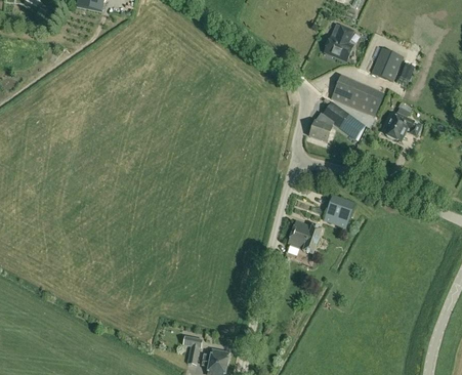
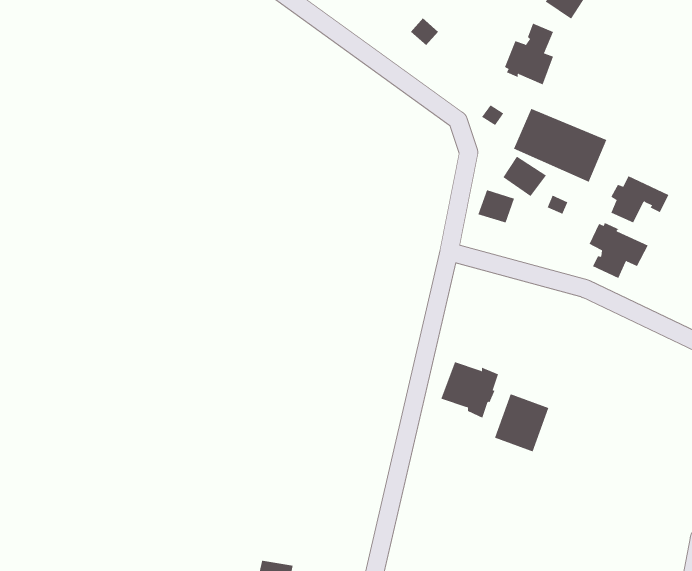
building: [372,47,404,80] -> none
building: none -> [589,222,648,279]
building: [323,194,354,227] -> [494,394,549,452]

